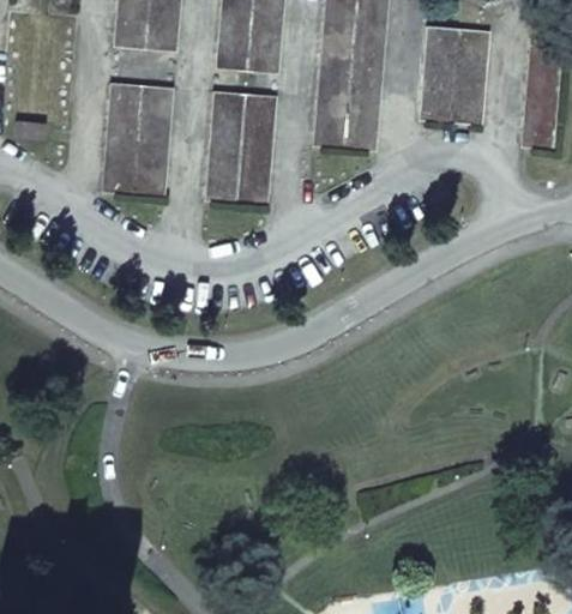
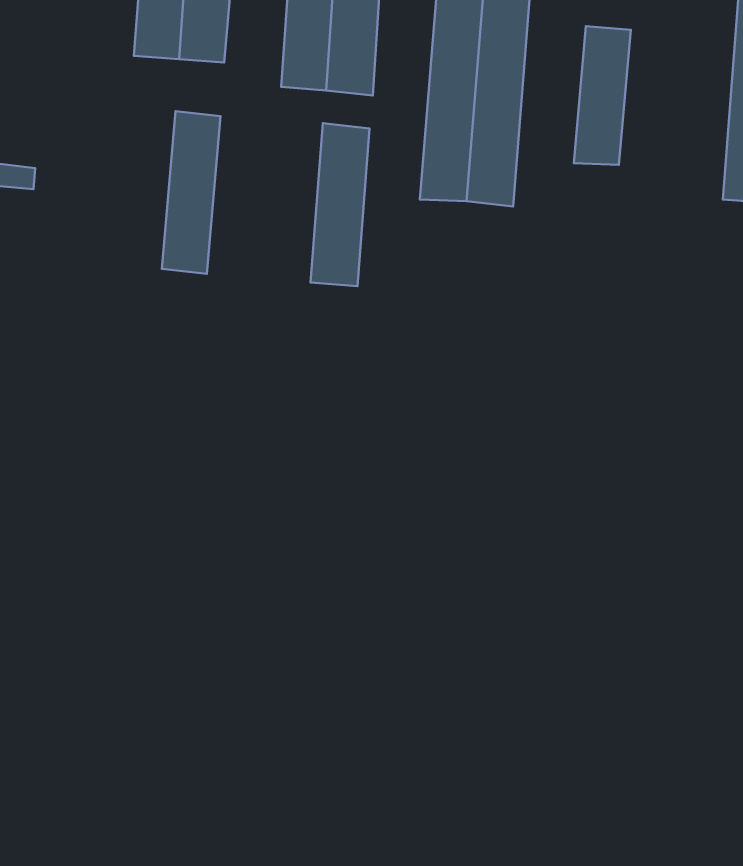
building: [450,28,490,124] -> none
building: [102,82,143,193] -> none
building: [205,90,245,203] -> none

